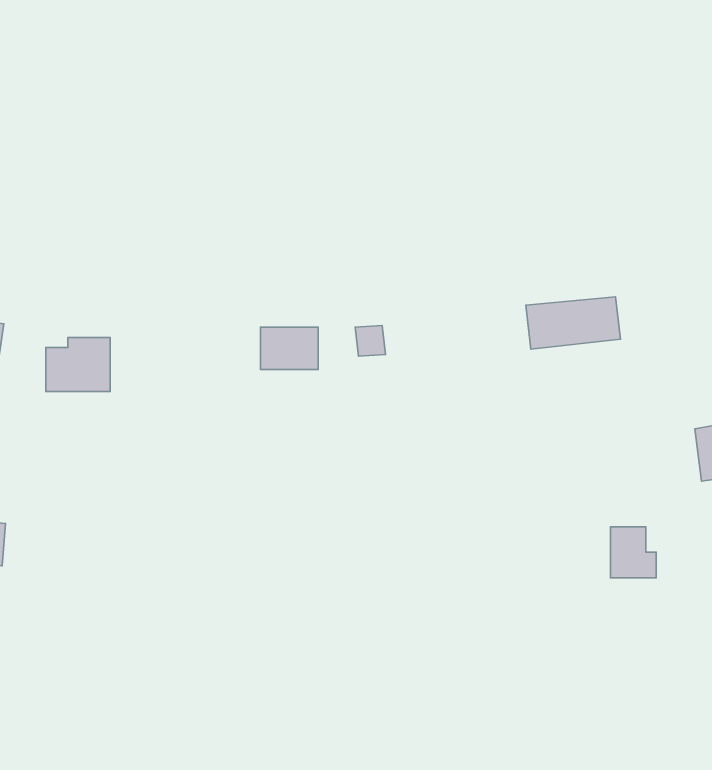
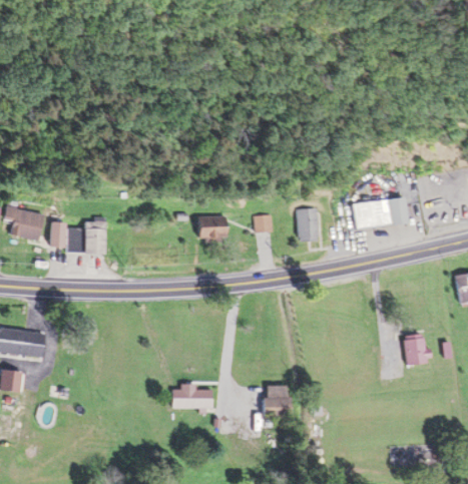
building: none -> [294,206,320,241]
building: none -> [51,222,67,248]
building: none -> [177,383,212,408]
building: none -> [265,387,292,418]

